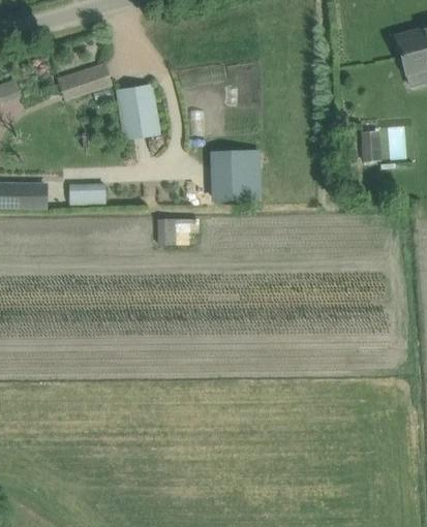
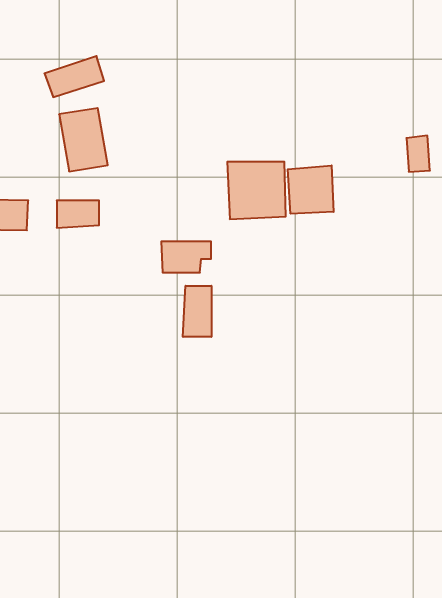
building: [118,86,158,138] -> [59,108,108,171]
building: none -> [288,165,334,214]
building: none -> [183,286,211,337]

